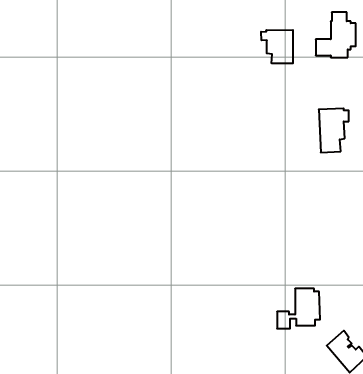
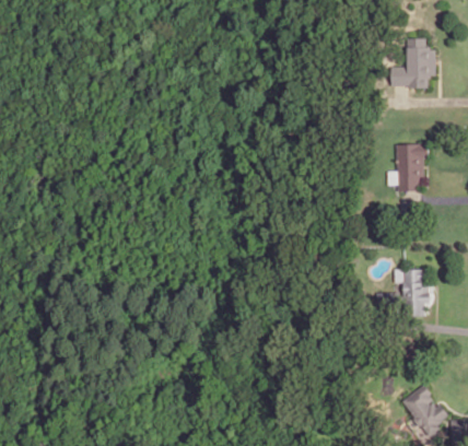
building: [261,30,293,63] -> none
building: [277,289,320,329] -> [383,269,430,313]

